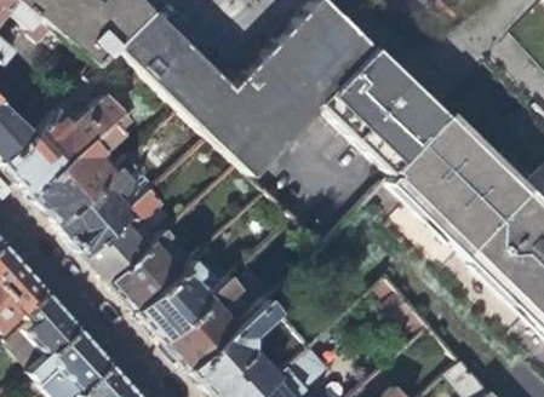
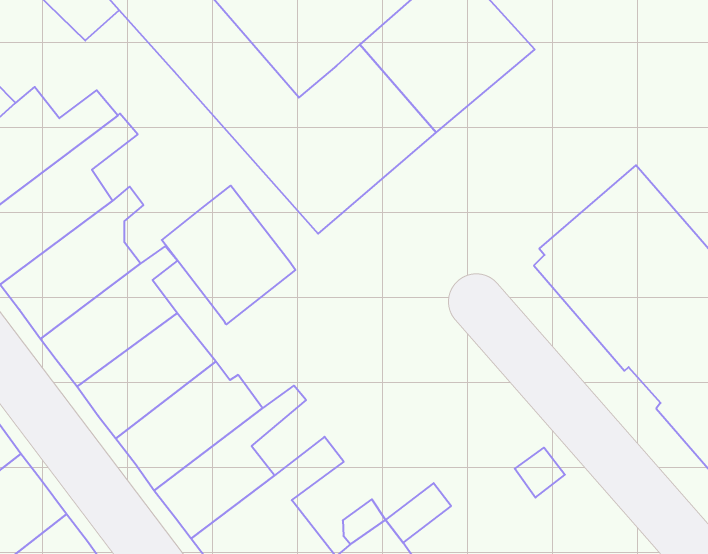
building: [323,48,449,172] -> none
building: none -> [162,186,295,324]

